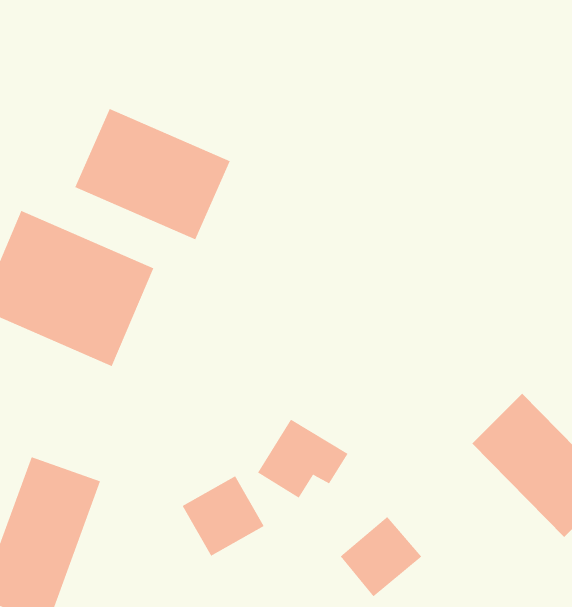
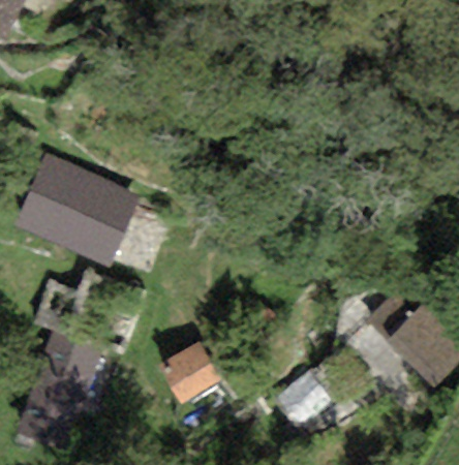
building: [74,108,231,240] -> none

